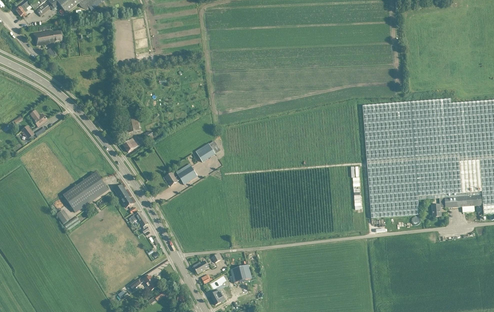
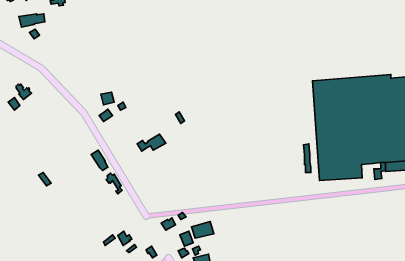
building: [63,172,108,212] -> none

